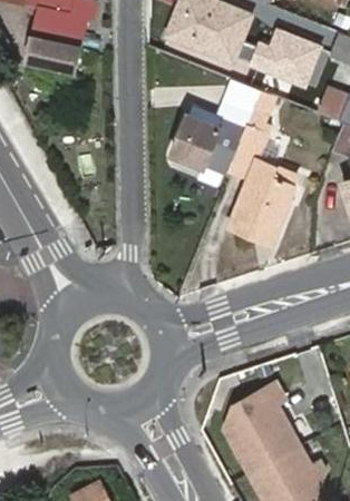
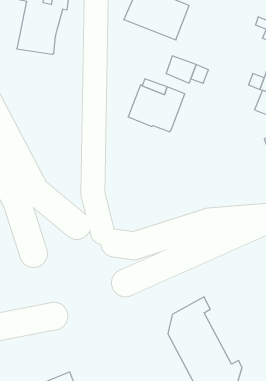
building: [252,23,324,88] -> none
building: [227,118,294,236] -> none

